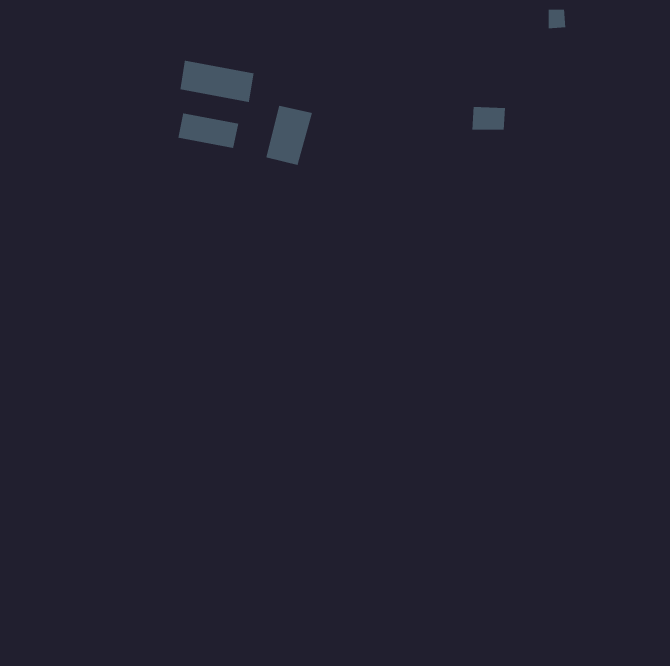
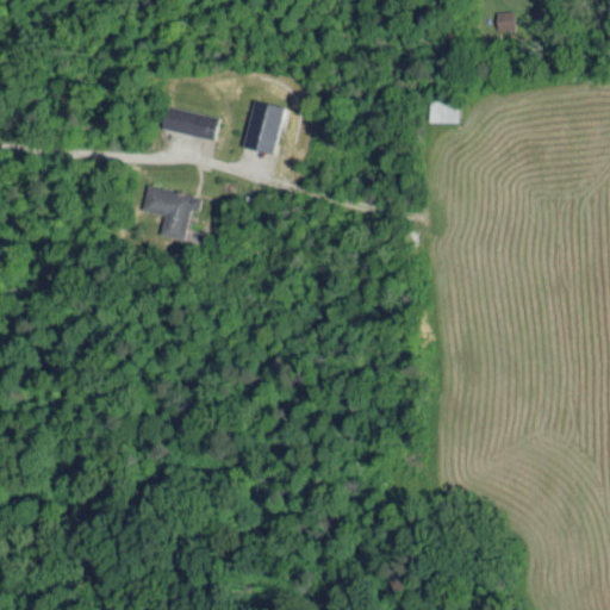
building: [180,60,254,103] -> none
building: none -> [143,187,201,239]

